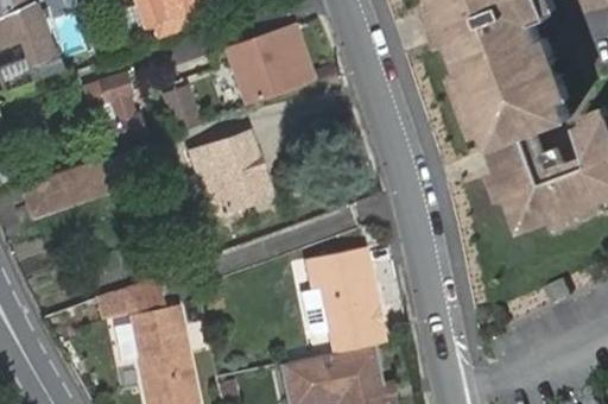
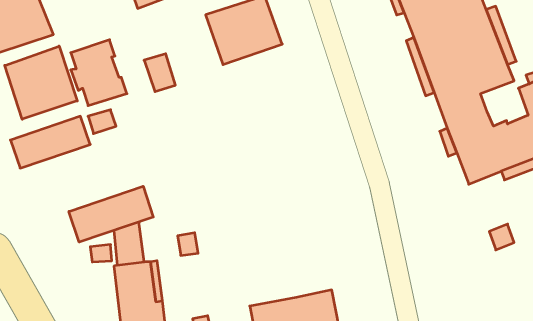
building: none -> [5,46,77,119]
building: [189,128,268,212] -> none
building: none -> [69,186,153,242]
building: [305,250,384,356] -> none

